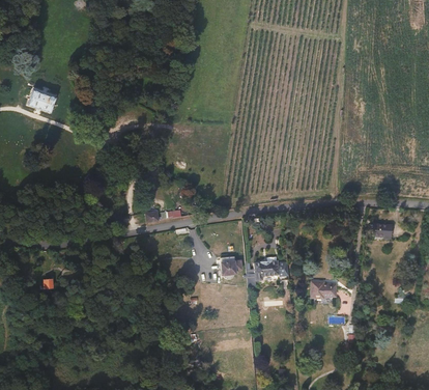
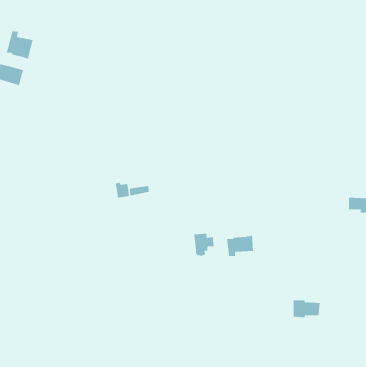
building: none -> [6,31,33,59]
building: [311,281,338,299] -> [293,300,320,318]

